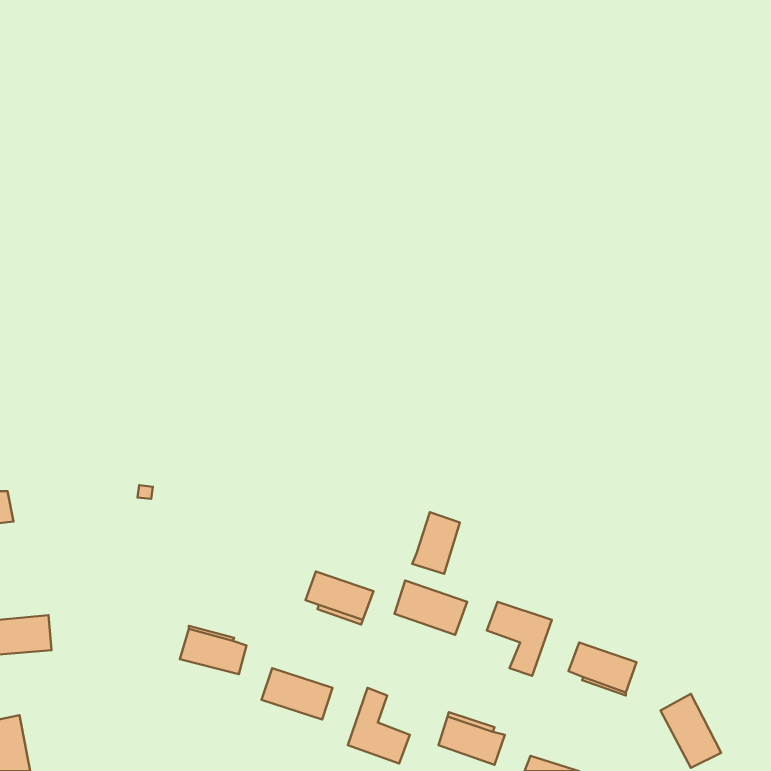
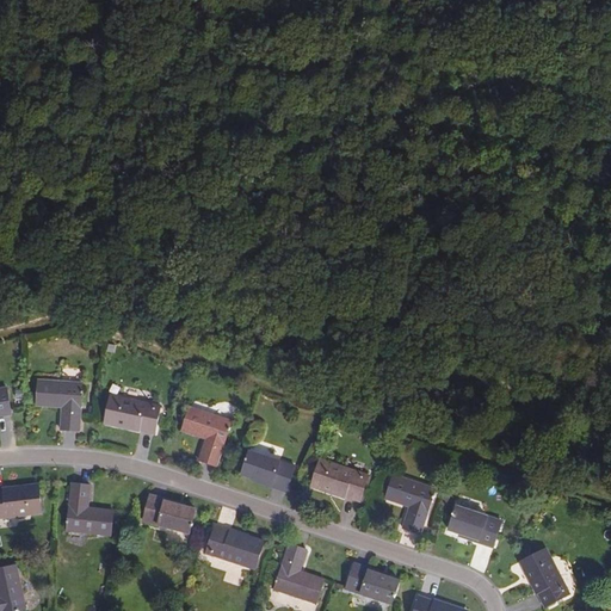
building: none -> [37,379,82,431]
building: none -> [104,395,160,433]
building: [412,512,460,574] -> none
building: none -> [181,407,232,465]
building: none -> [66,482,113,536]

